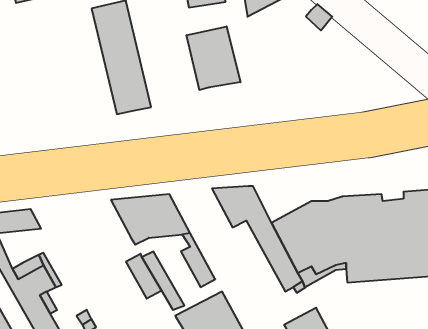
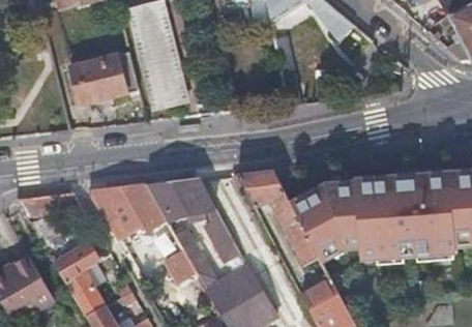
building: [187,26,240,90] -> none
building: none -> [69,51,138,103]
building: none -> [88,183,165,231]

